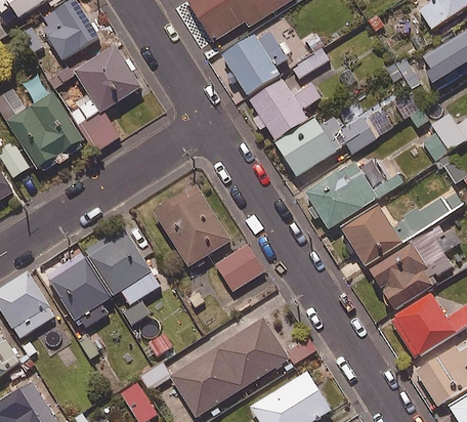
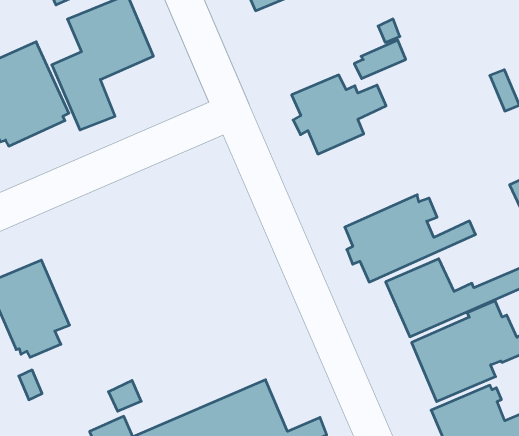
building: [221,31,288,95] -> none
building: [274,114,384,175] -> none
building: [153,183,231,267] -> none
building: [84,226,159,304] -> none
building: [214,243,264,291] -> none

